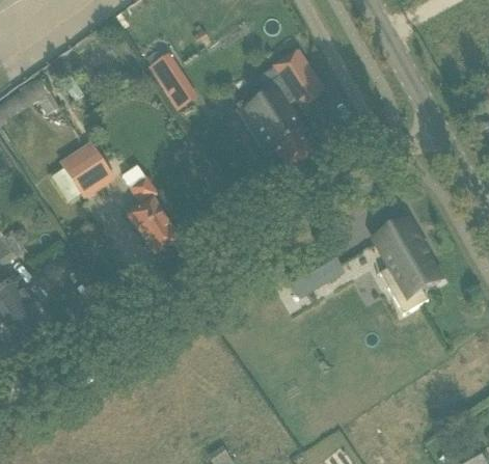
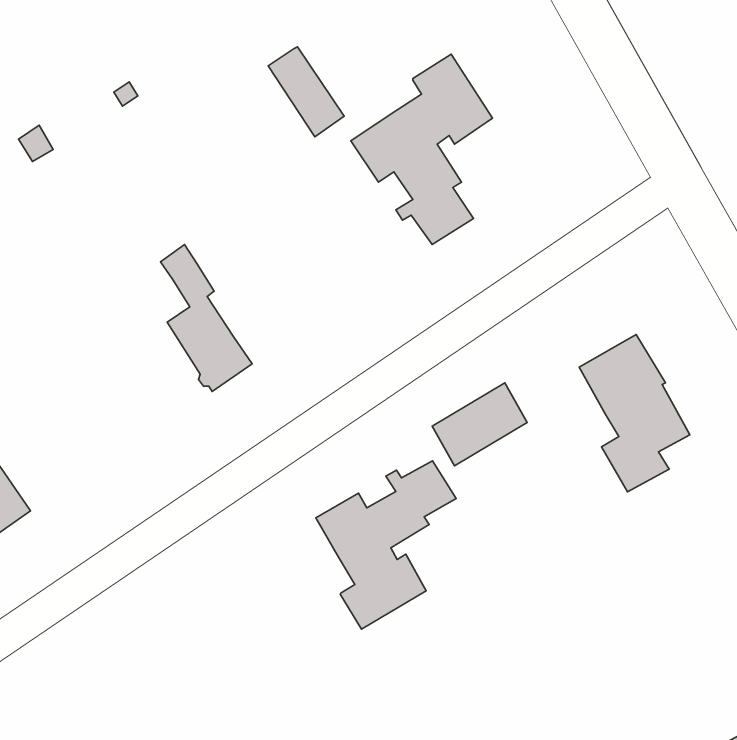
building: [151,54,196,108] -> [268,47,344,137]
building: [61,139,116,197] -> none
building: none -> [316,461,456,629]

